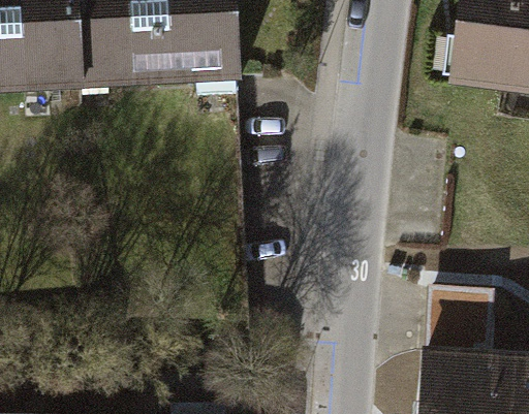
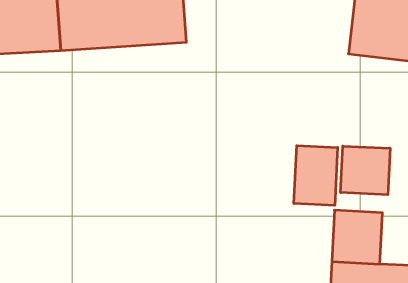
building: none -> [294,146,338,205]
building: none -> [341,146,390,195]

